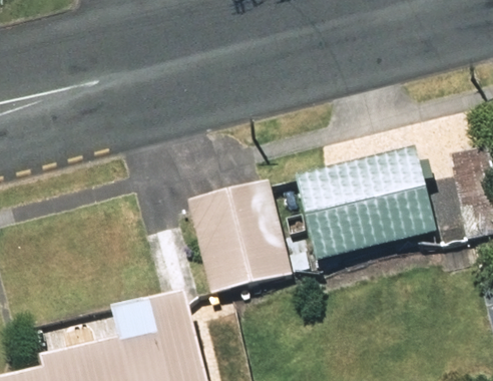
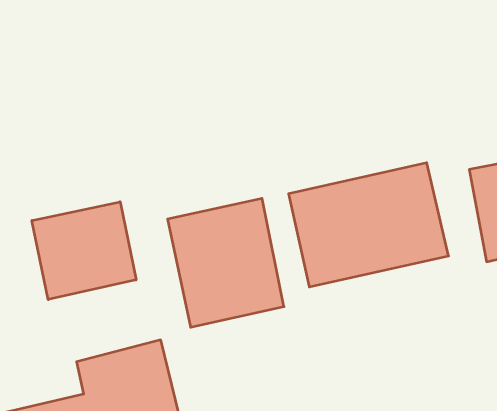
building: none -> [32,202,136,300]

